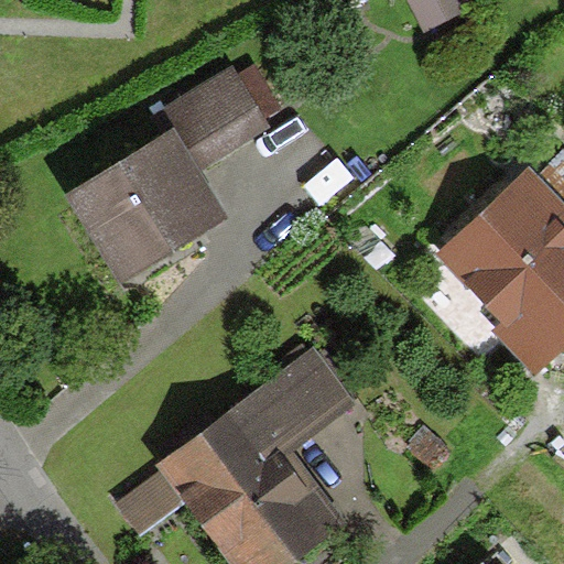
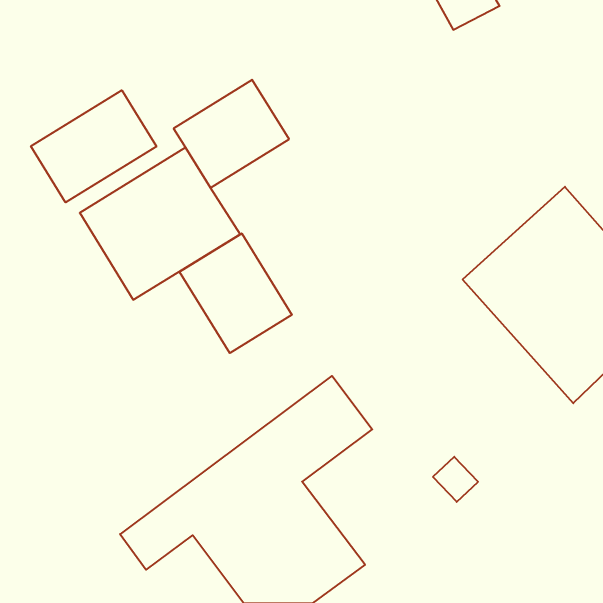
building: none -> [31,90,156,202]
building: none -> [180,233,292,353]

